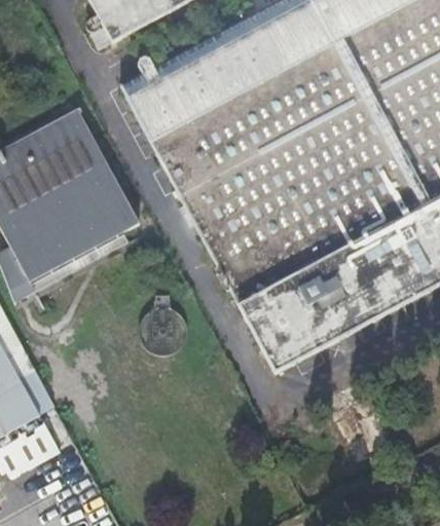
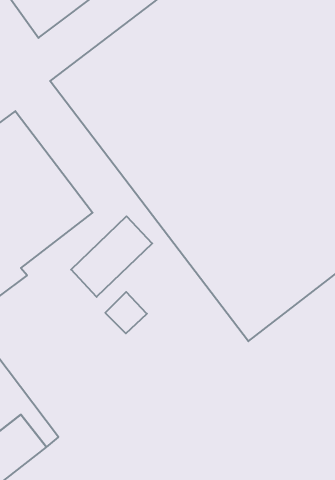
building: none -> [71,216,152,297]

